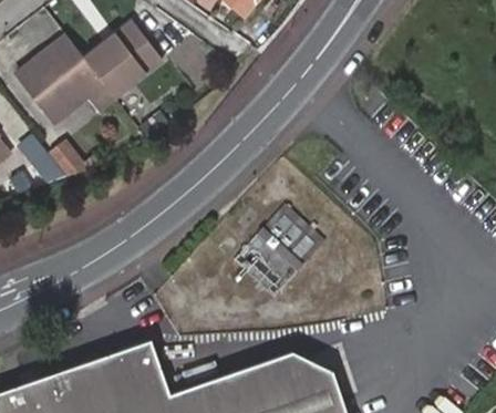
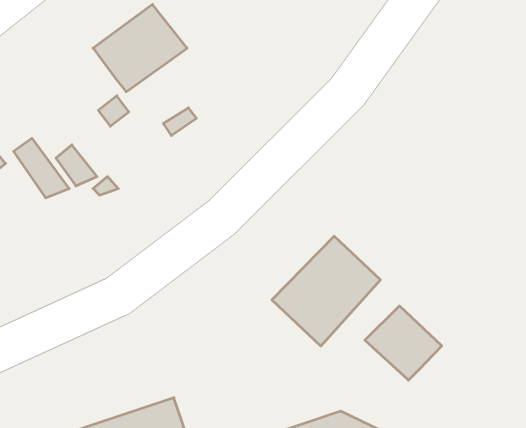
building: [14,32,101,118] -> none
building: none -> [365,306,442,380]

